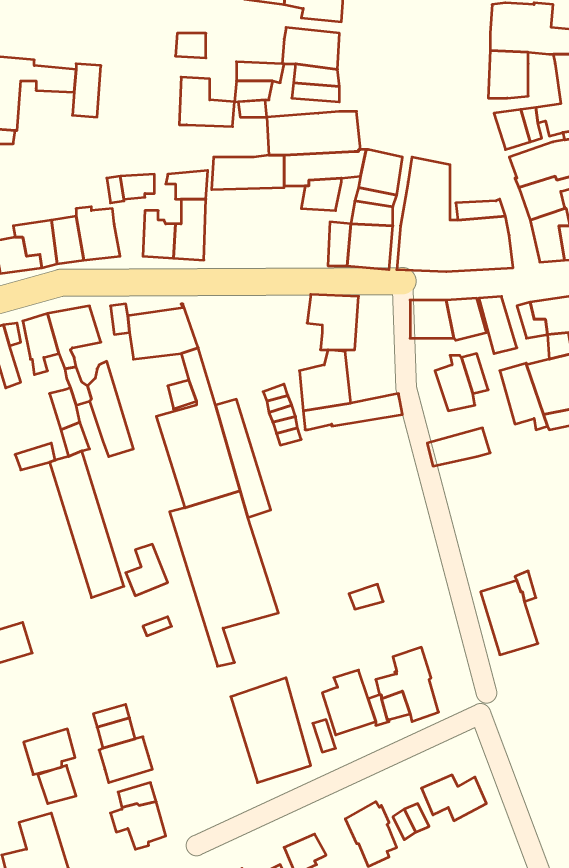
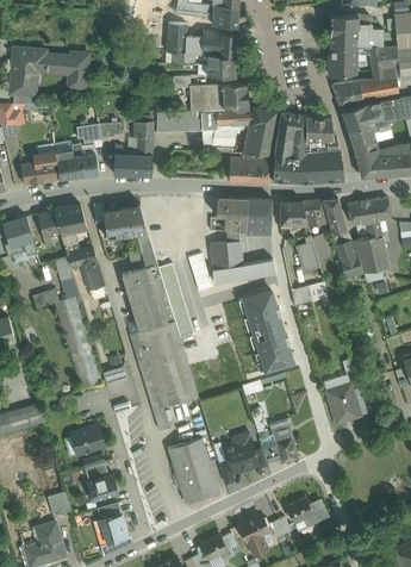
building: [179,77,235,127] -> [167,23,201,54]
building: none -> [305,117,334,141]
building: none -> [245,199,272,235]
building: none -> [243,292,292,372]
building: [24,729,75,775] -> [71,425,104,454]

